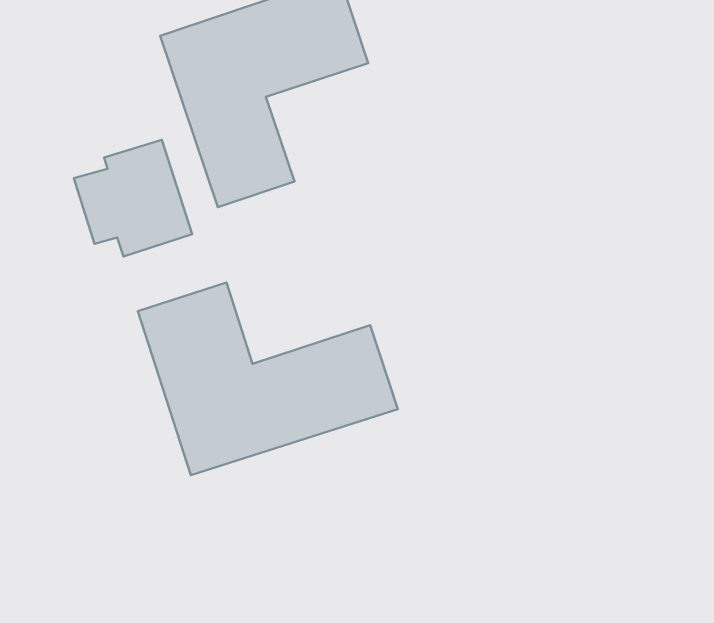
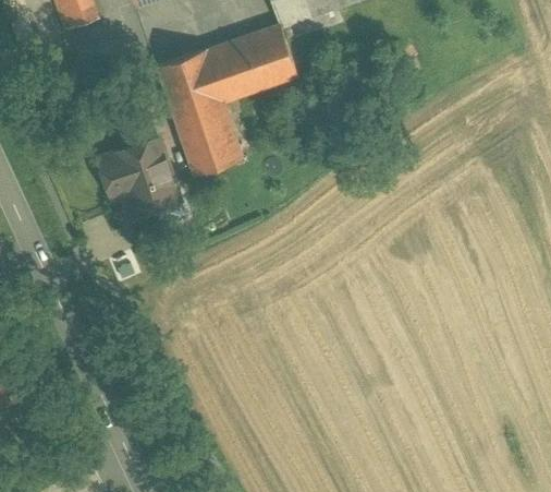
building: [138,282,398,475] -> none

